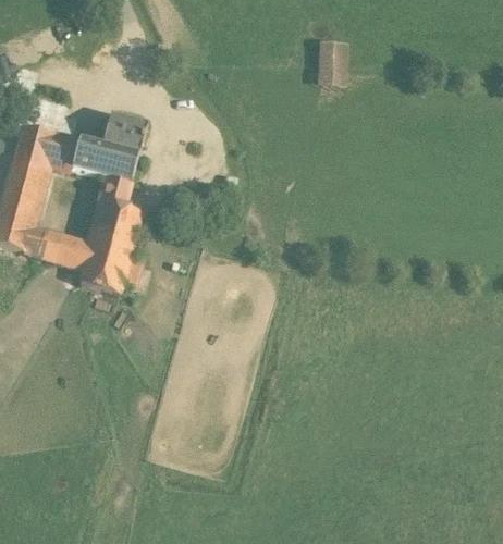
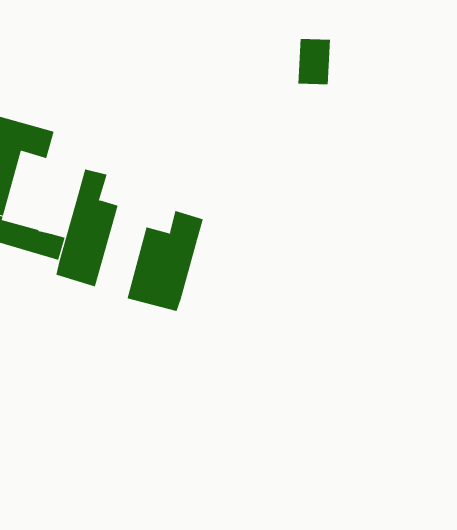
building: [71,112,147,180] -> none
building: none -> [127,210,204,312]

